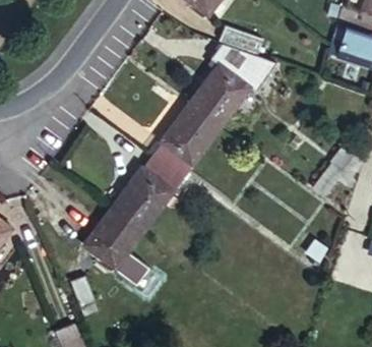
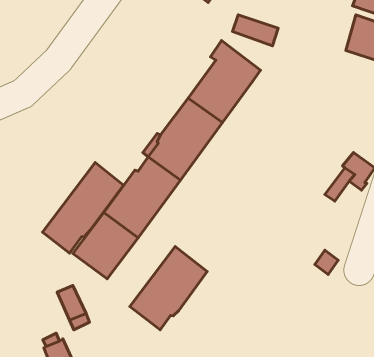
building: [208,45,275,93] -> none
building: none -> [42,163,124,253]
building: none -> [130,246,207,330]

